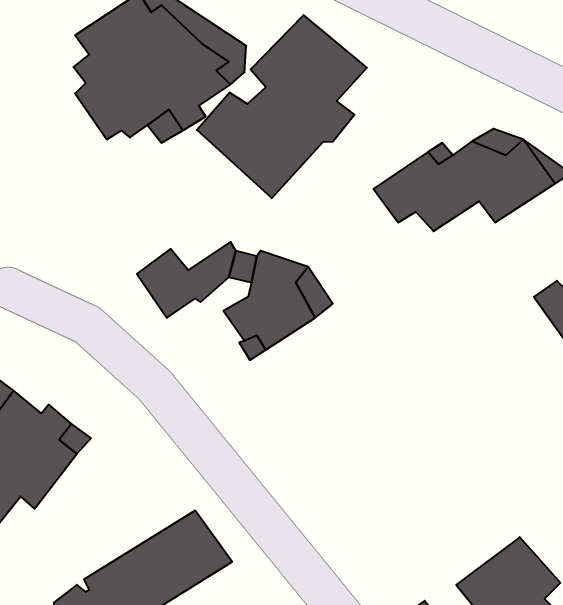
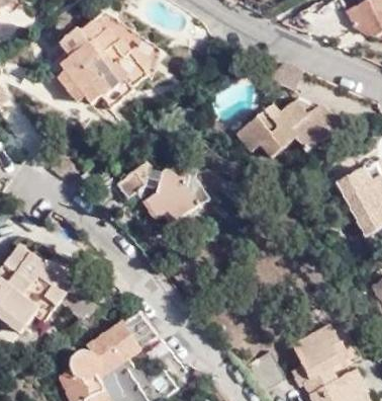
building: [197,15,367,198] -> none

